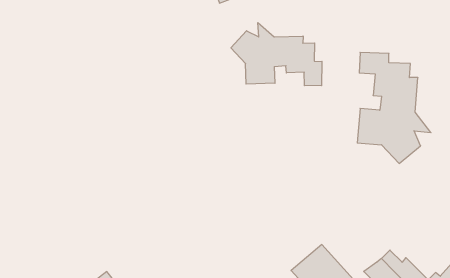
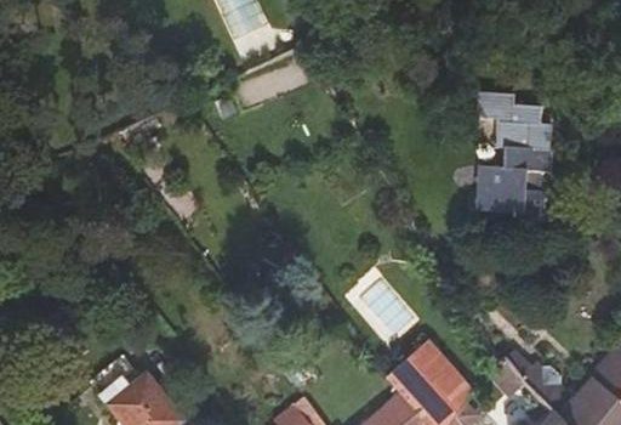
building: [231,23,322,86] -> none

